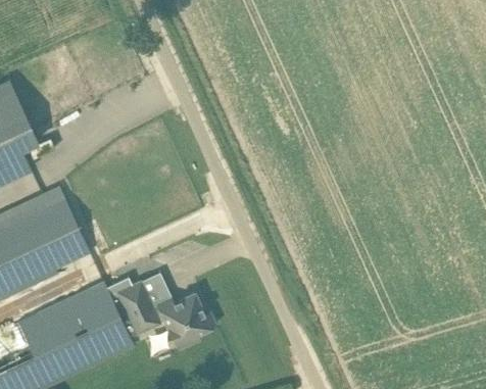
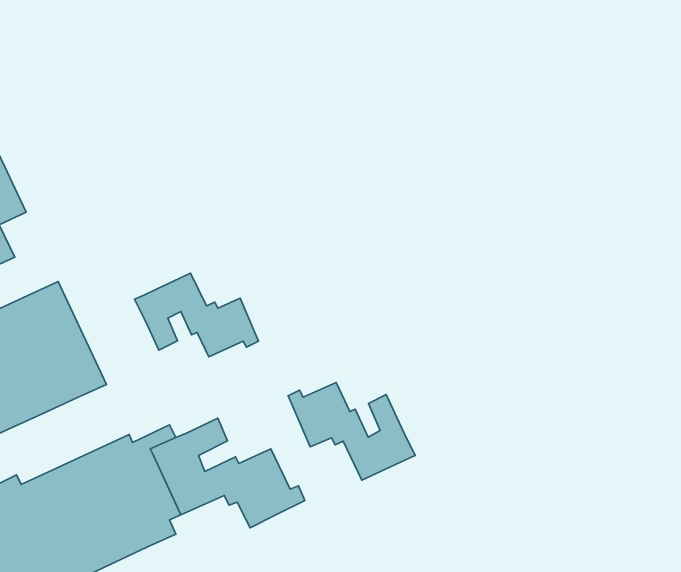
building: none -> [135,273,258,357]
building: none -> [288,382,415,480]

